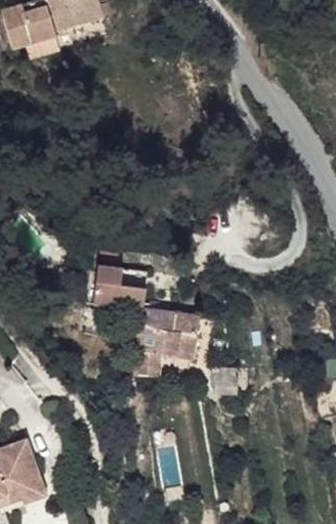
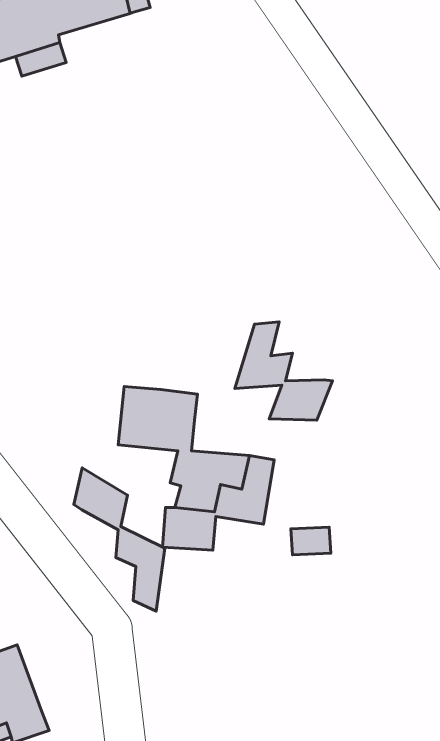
building: none -> [235,322,333,420]
building: none -> [74,468,165,611]

